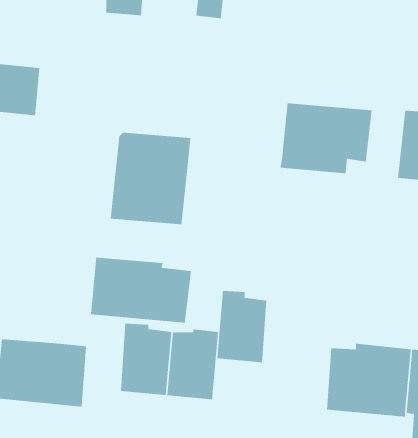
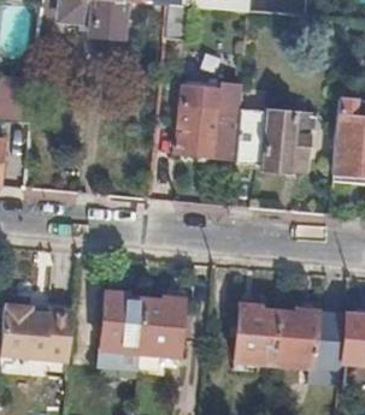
building: [110,132,191,225] -> [176,78,243,155]
building: [90,257,192,324] -> none
building: [216,290,267,363] -> [235,303,277,363]

